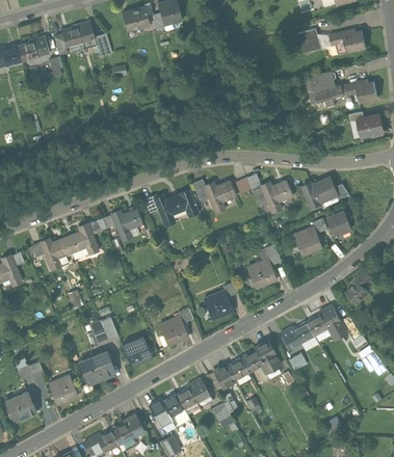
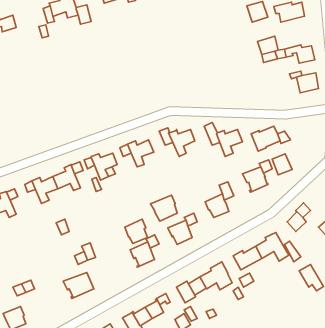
building: [18,35,50,61] -> none
building: none -> [151,195,177,221]
building: [123,337,150,366] -> [125,219,148,244]
building: [48,375,76,404] -> none

